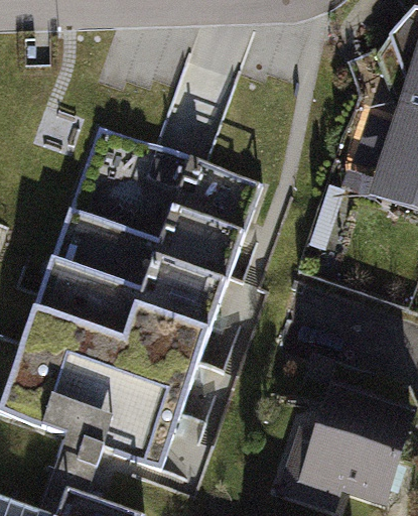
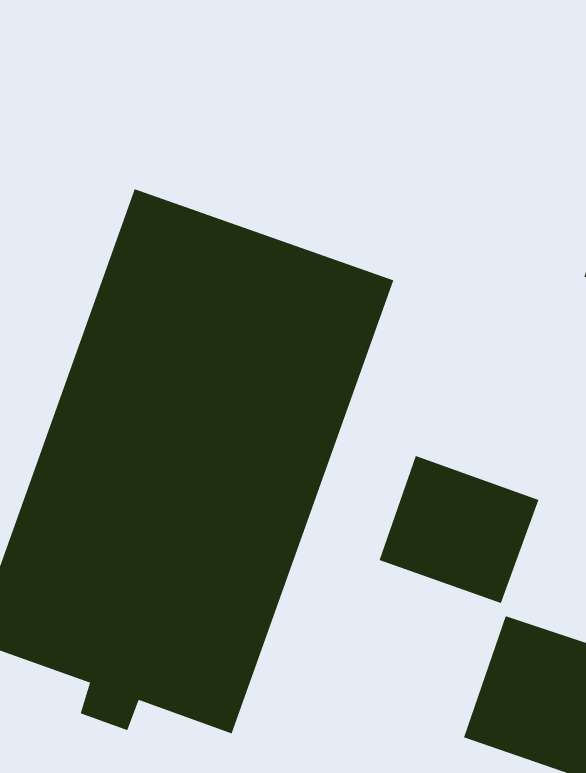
building: none -> [379,455,539,604]

